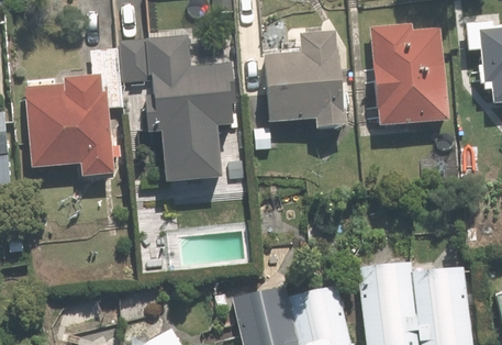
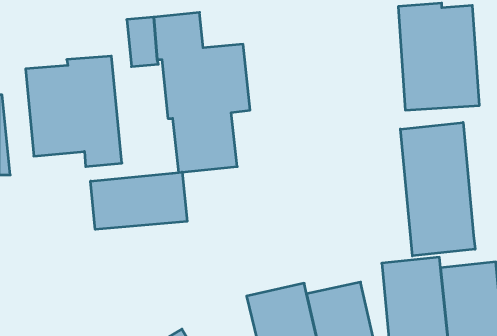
building: [264,30,344,124] -> none
building: none -> [400,122,475,256]
building: none -> [91,172,187,229]

